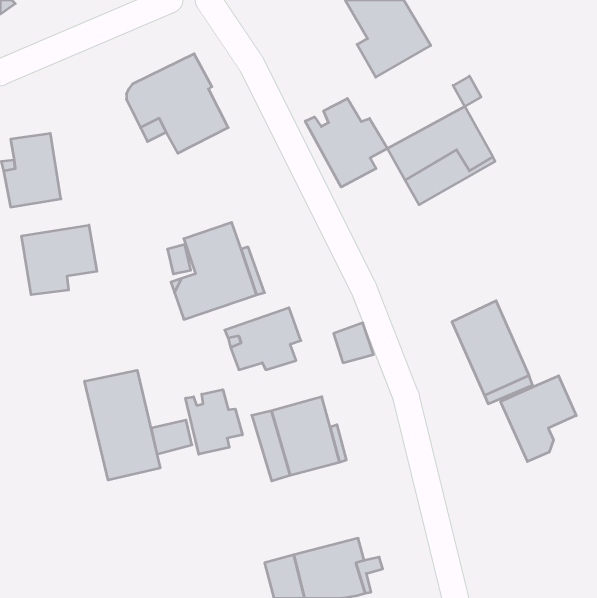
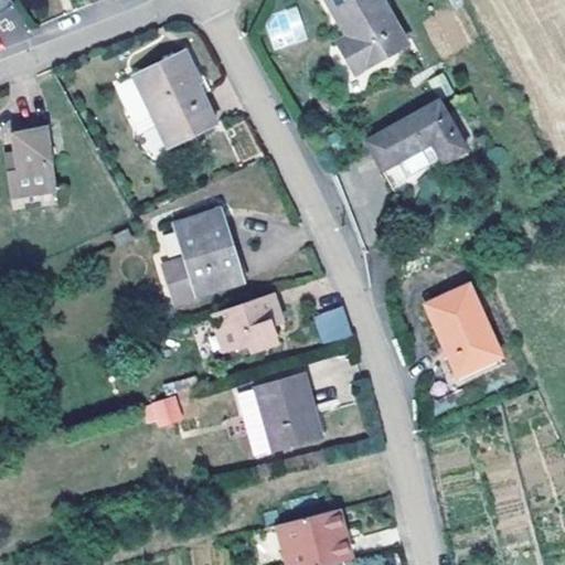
building: [305,98,387,187] -> none
building: [22,225,97,295] -> none
building: [85,370,160,480] -> none
building: [501,376,576,462] -> none
building: [186,390,242,454] -> none

